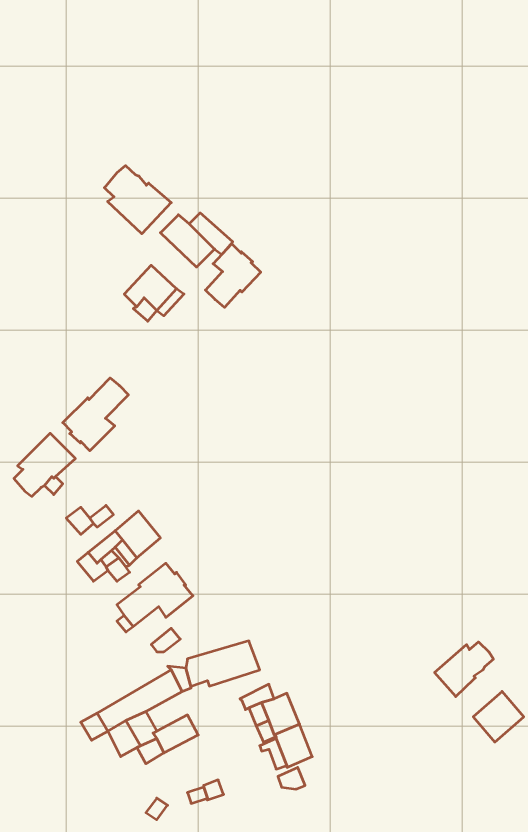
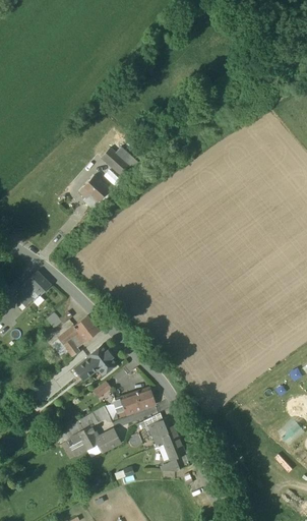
building: [104,166,171,234] -> none
building: [205,244,261,307] -> none
building: [63,378,128,451] -> none
building: [435,642,493,697] -> none

